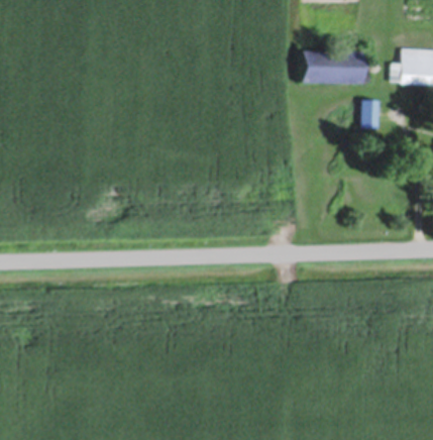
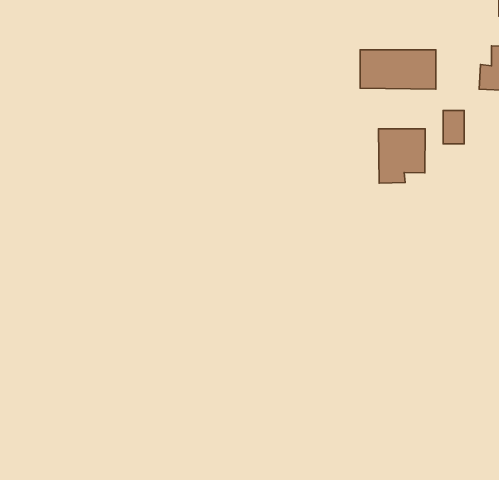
building: none -> [378,129,425,183]

